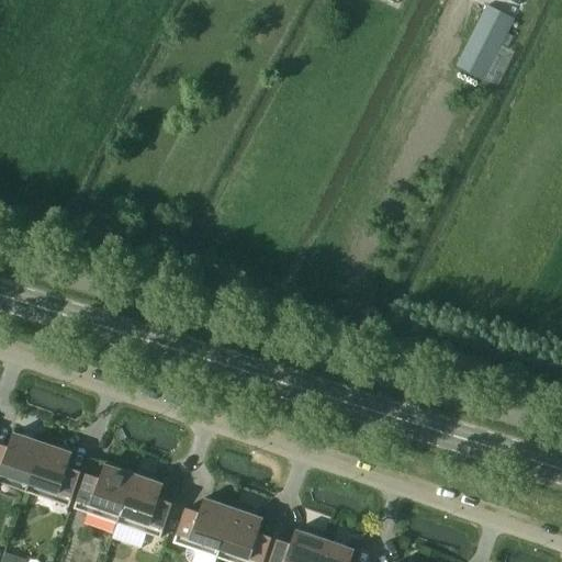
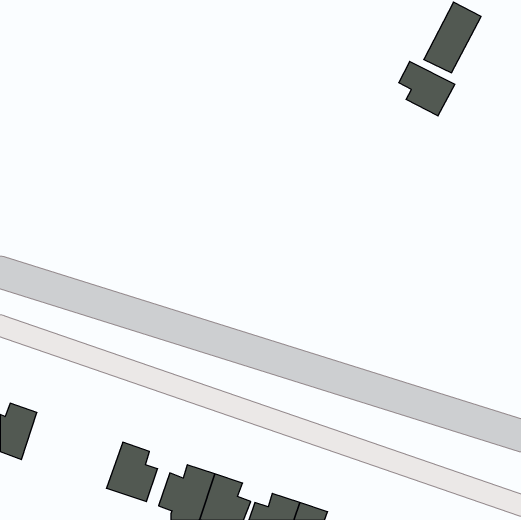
building: none -> [399,61,455,116]
building: [25,442,80,507] -> none
building: [74,463,134,524] -> none

